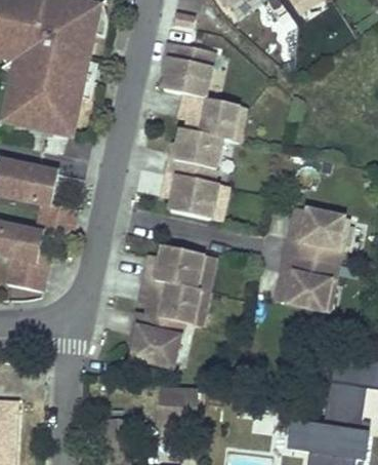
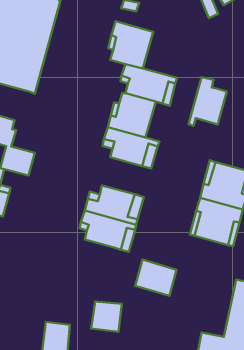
building: none -> [189,77,227,126]
building: [129,323,179,366] -> [135,260,177,296]

